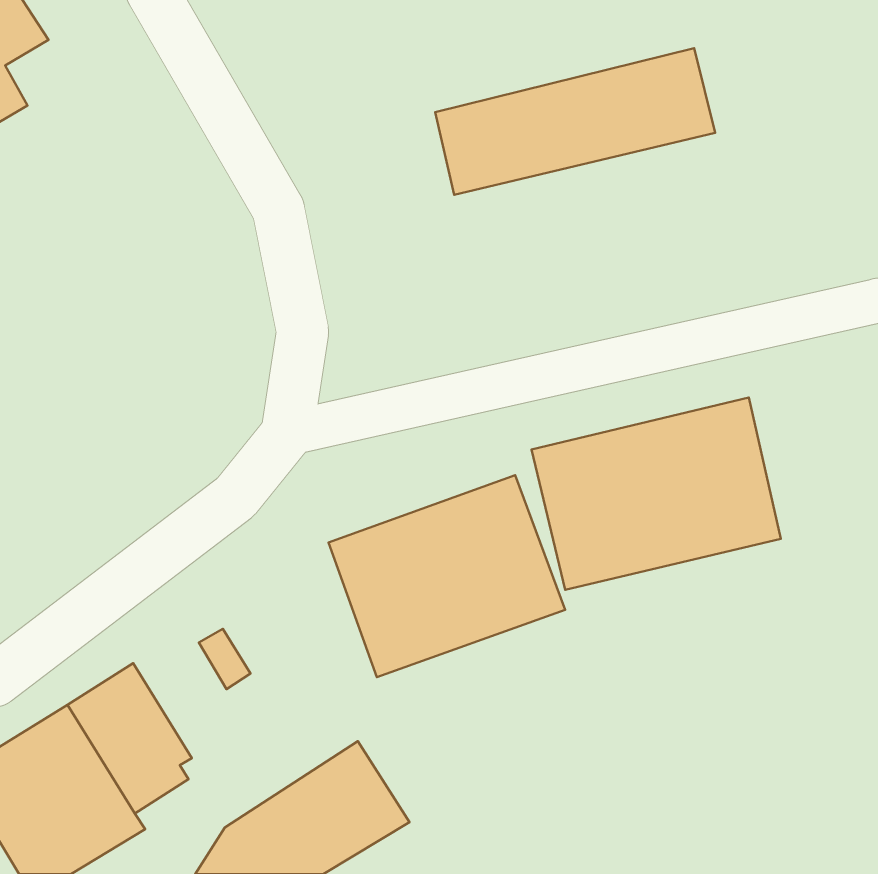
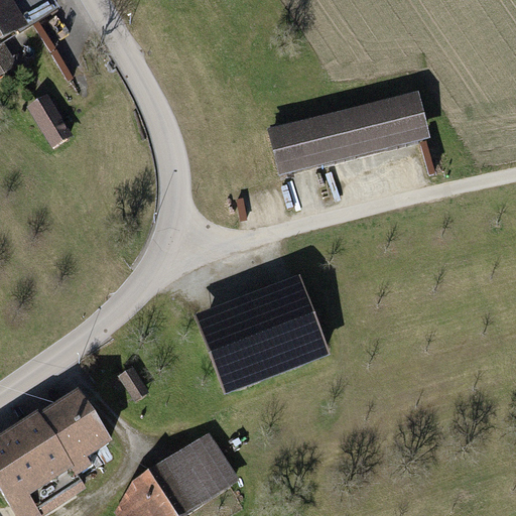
building: [435,48,715,195] -> [266,90,429,175]
building: none -> [24,91,74,148]
building: [531,397,781,590] -> none

